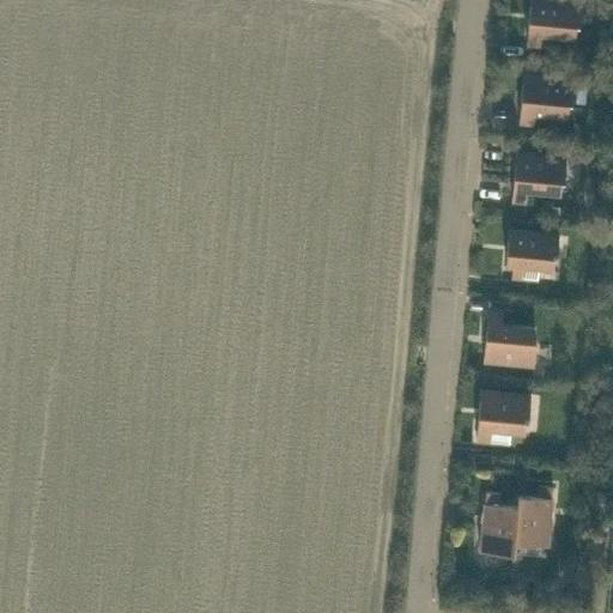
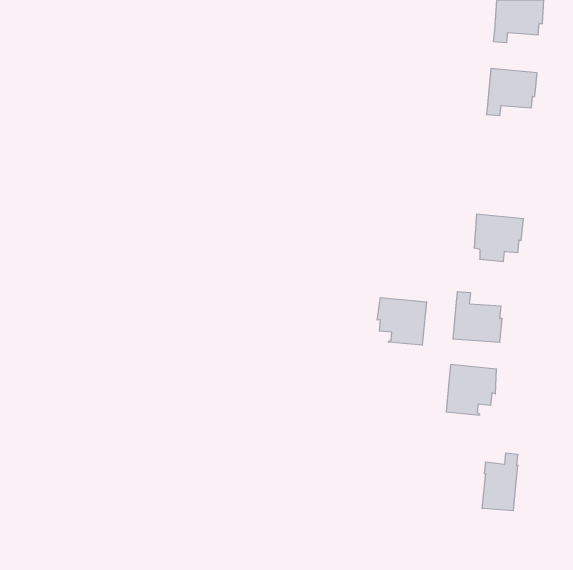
building: [512,154,566,206] -> none
building: none -> [377,298,426,345]
building: [480,494,518,557] -> none

